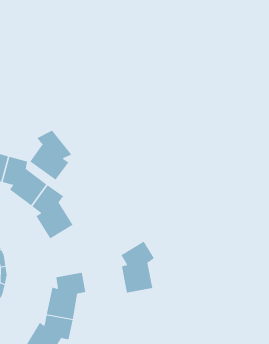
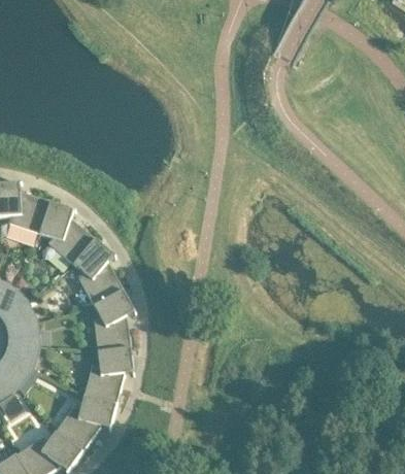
building: [30,130,72,181] -> none
building: [120,241,156,293] -> [93,290,135,351]

